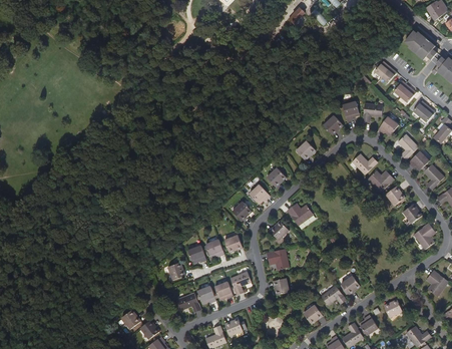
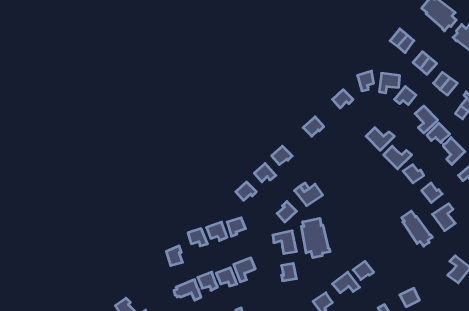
building: none -> [402,211,432,246]
building: none -> [301,218,330,258]

